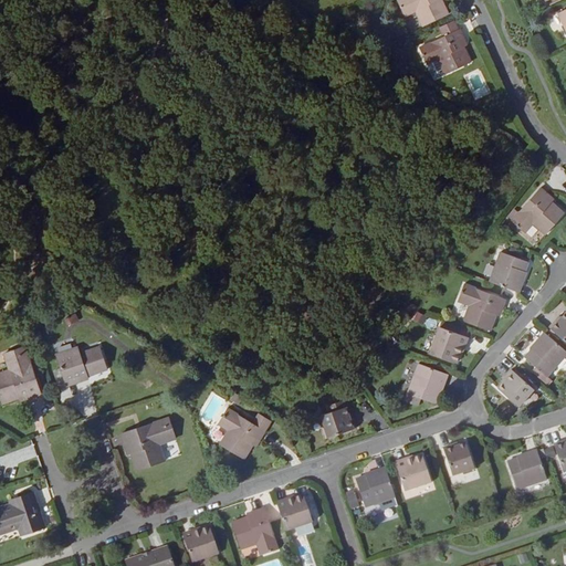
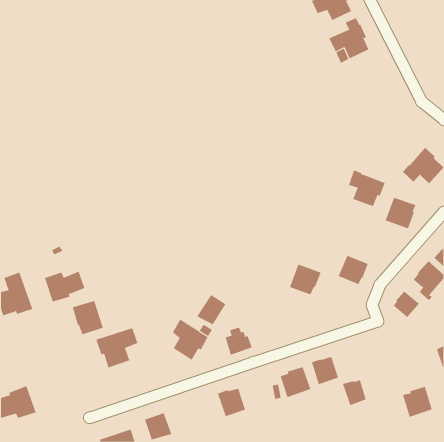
building: [459,282,506,329] -> [348,170,386,207]
building: [408,363,449,402] -> [289,264,321,295]
building: none -> [197,294,226,325]
building: none -> [72,300,104,335]
building: [322,400,357,437] -> [225,327,253,355]
building: [443,442,474,475] -> [342,380,366,406]
building: [507,449,546,489] -> [402,386,433,417]
building: [232,507,277,554] -> none

